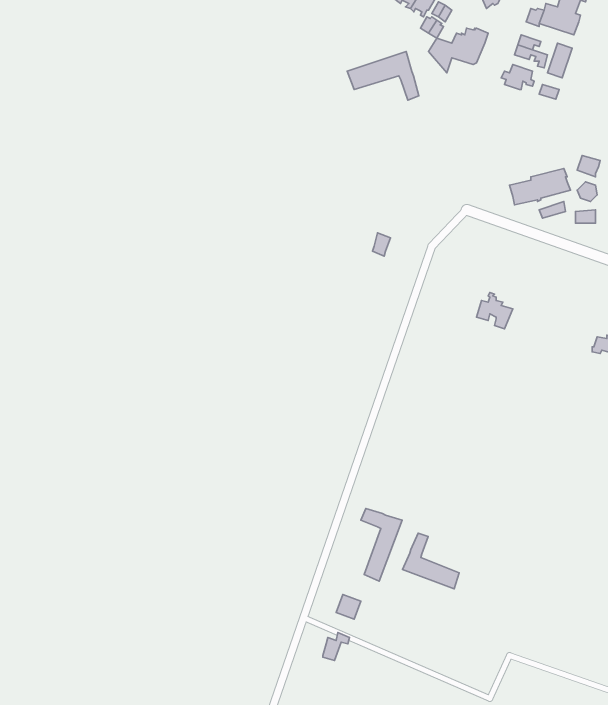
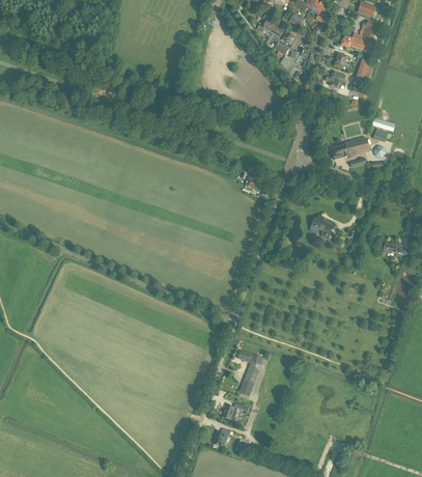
building: [347,52,419,100] -> none
building: [403,533,459,589] -> none

